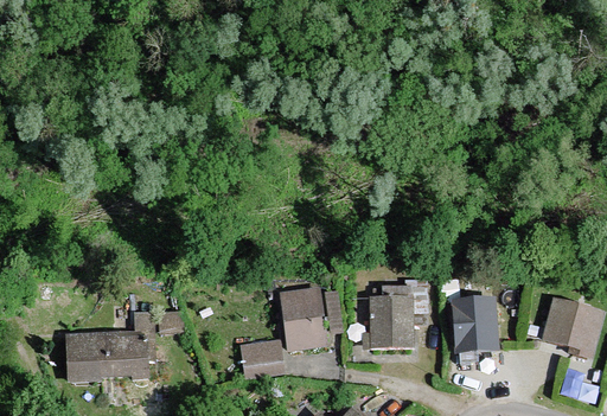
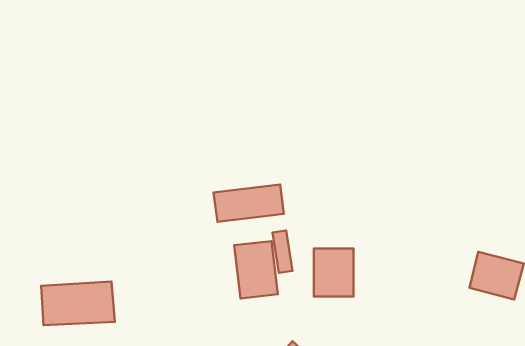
building: none -> [214,185,284,222]
building: [452,297,501,354] -> none
building: [238,338,286,378] -> none

